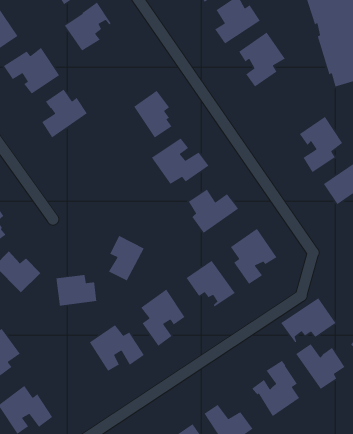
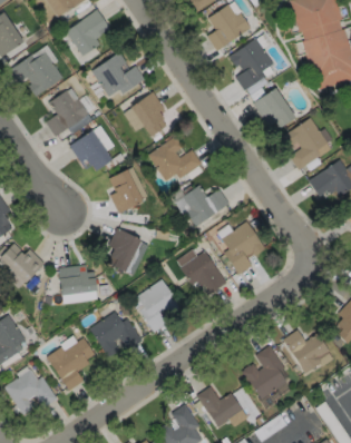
building: none -> [91,52,145,98]
building: none -> [252,88,294,132]
building: none -> [69,130,113,171]
building: none -> [109,169,143,214]
building: [280,297,337,344] -> none
building: none -> [46,337,95,391]

